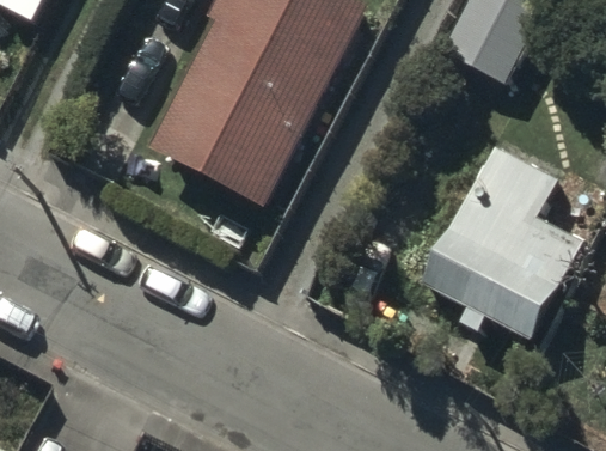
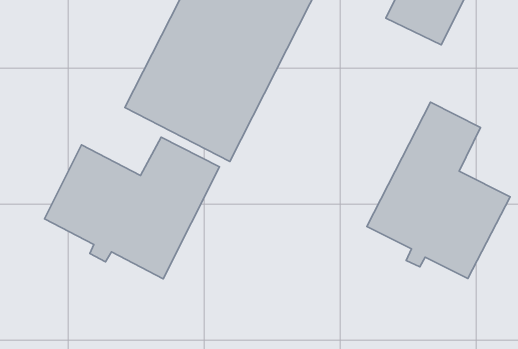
building: none -> [45,137,220,279]

